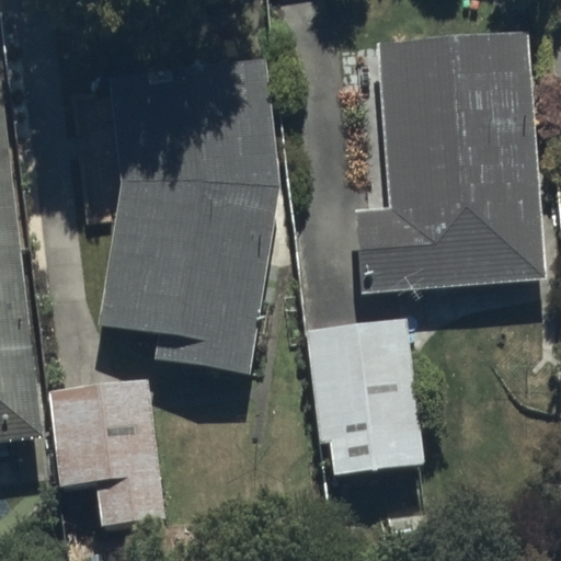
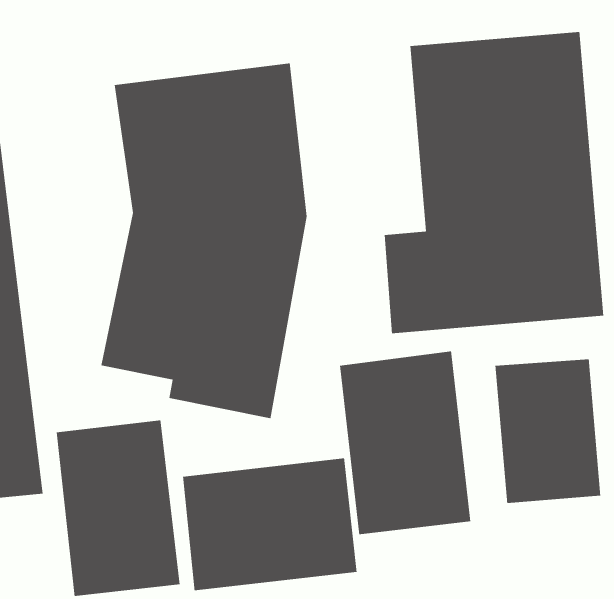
building: none -> [495,359,601,504]
building: none -> [182,458,357,591]

